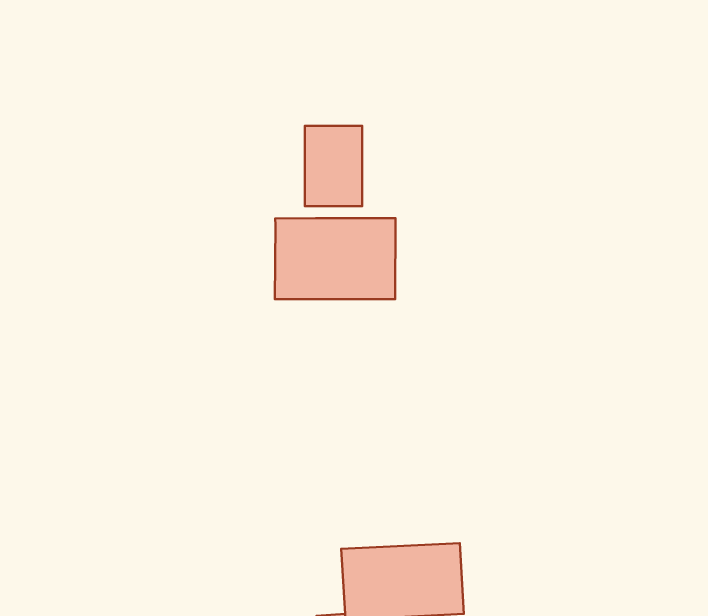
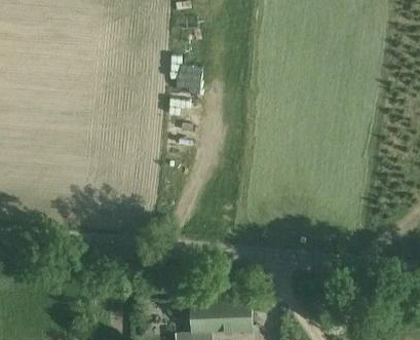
building: [275,218,395,299] -> none

